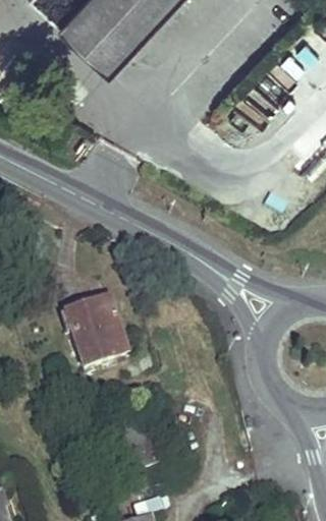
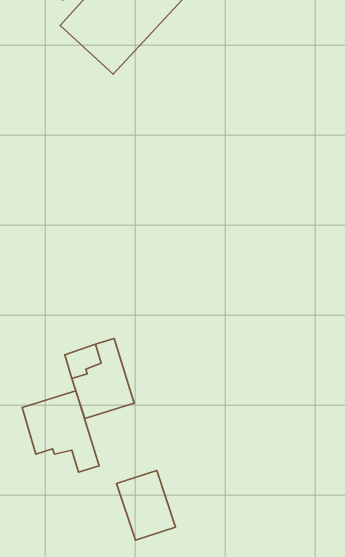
building: none -> [22,391,99,472]

